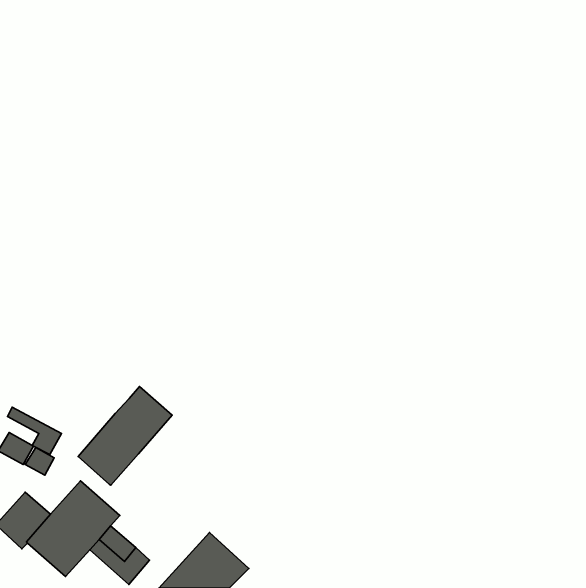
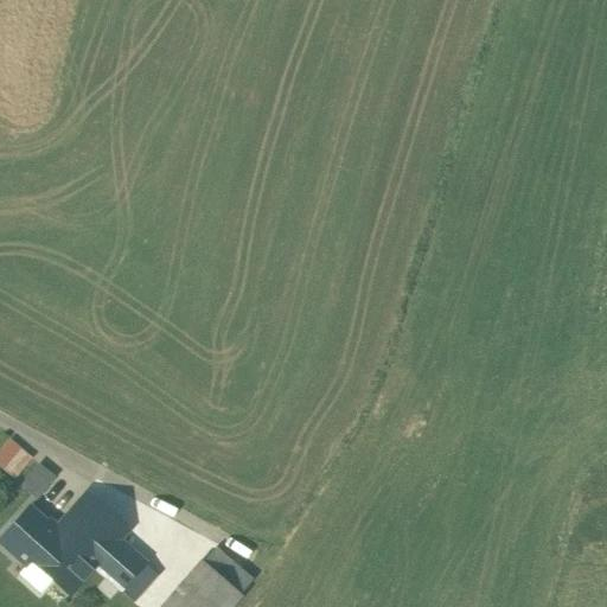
building: [78,386,172,485] -> none
building: [7,407,62,455] -> none

